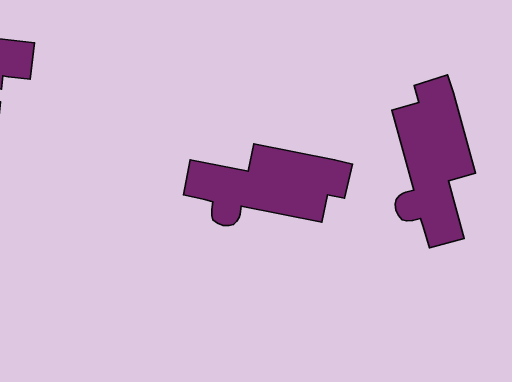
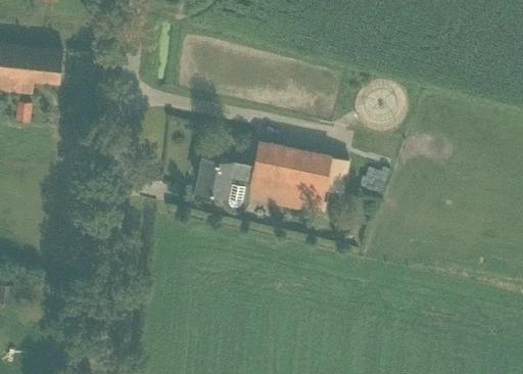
building: [392,75,475,248] -> none

